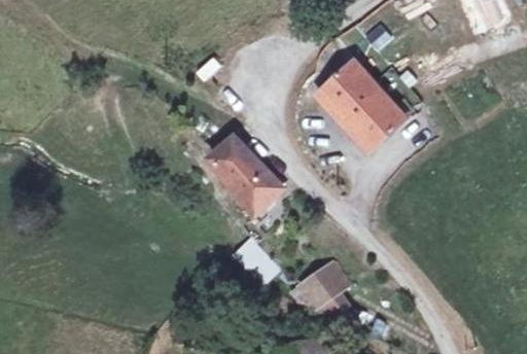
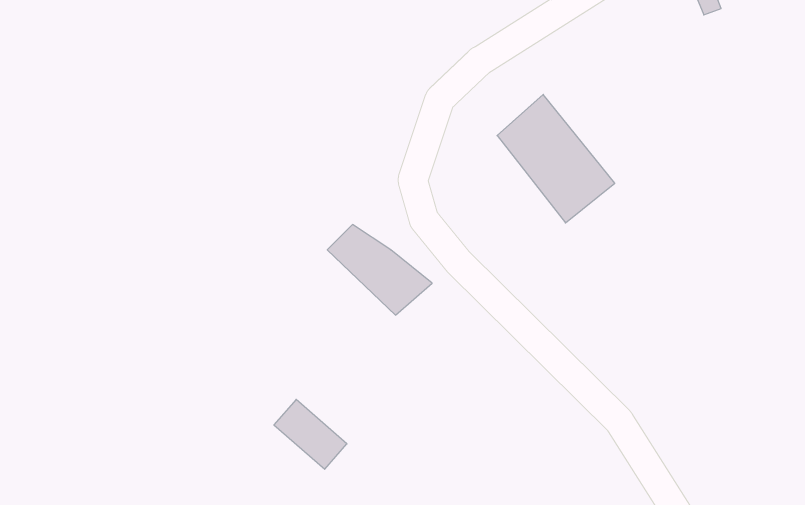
building: [235,244,282,289] -> [274,399,347,469]
building: [290,262,338,308] -> none

